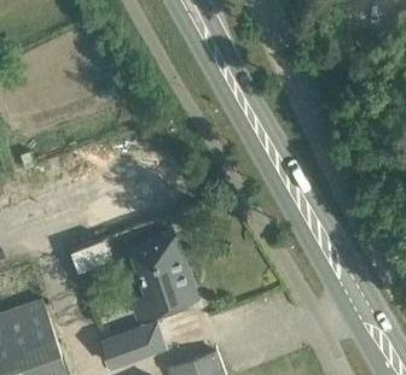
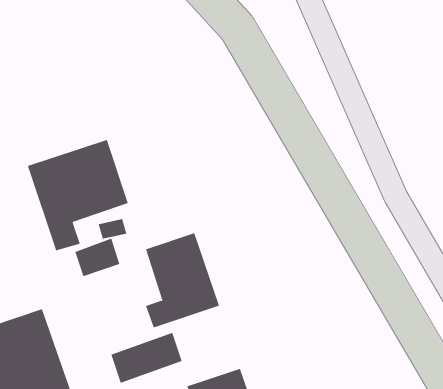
building: none -> [27,139,129,251]

